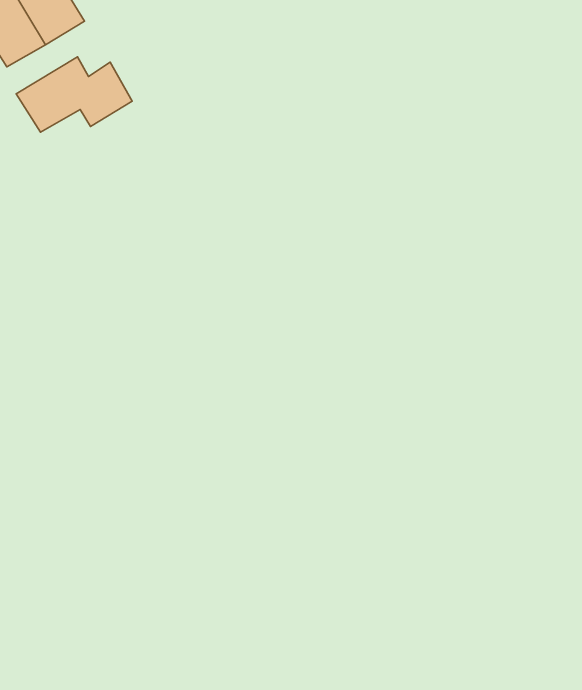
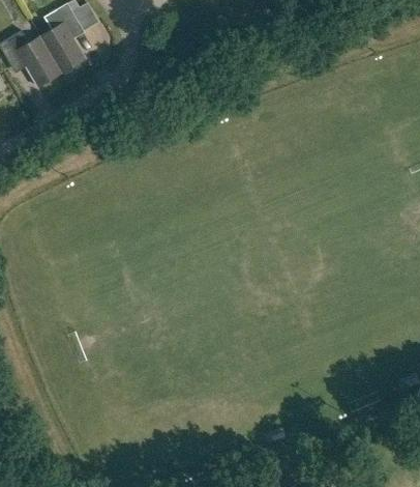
building: [16,57,132,132] -> none

